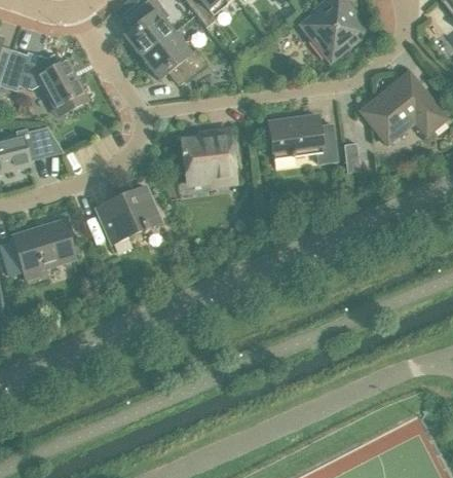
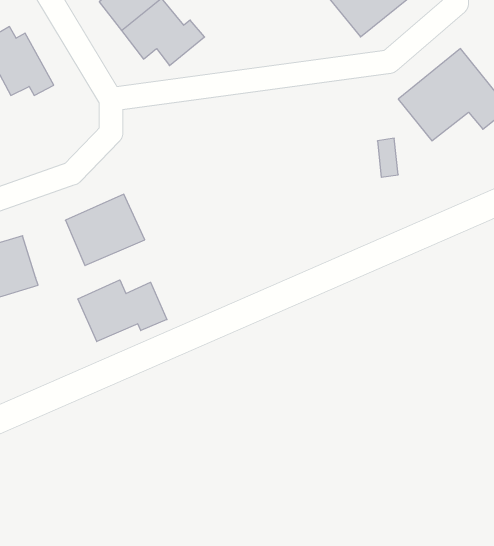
building: [268,114,337,162] -> none
building: [181,128,235,185] -> none
building: none -> [78,280,167,342]

